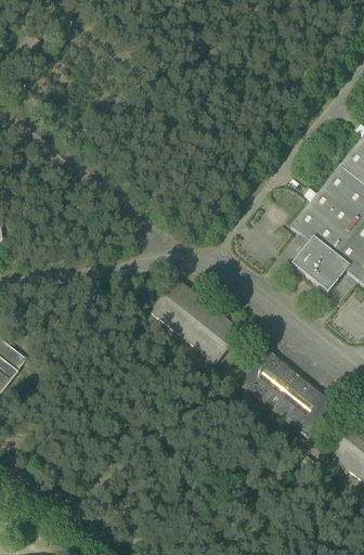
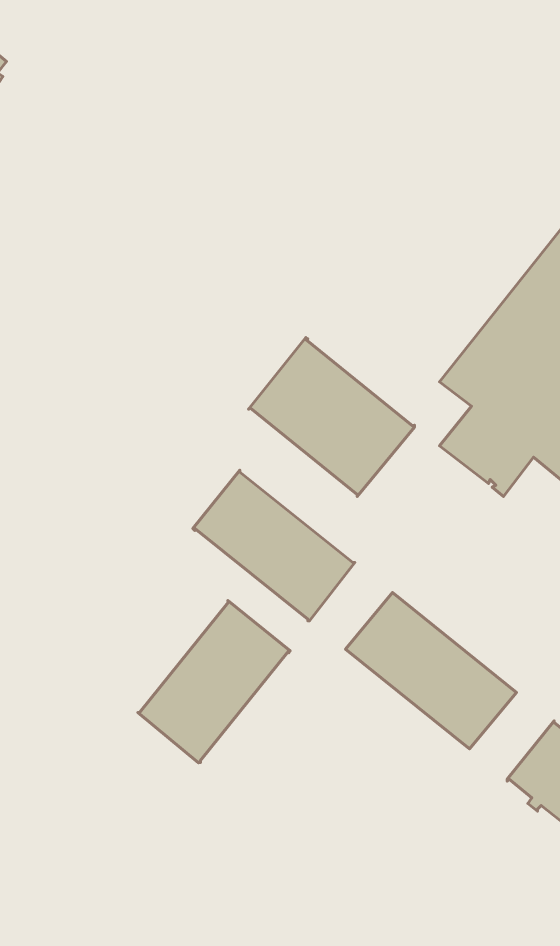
building: none -> [249,338,415,496]
building: none -> [138,601,290,763]

